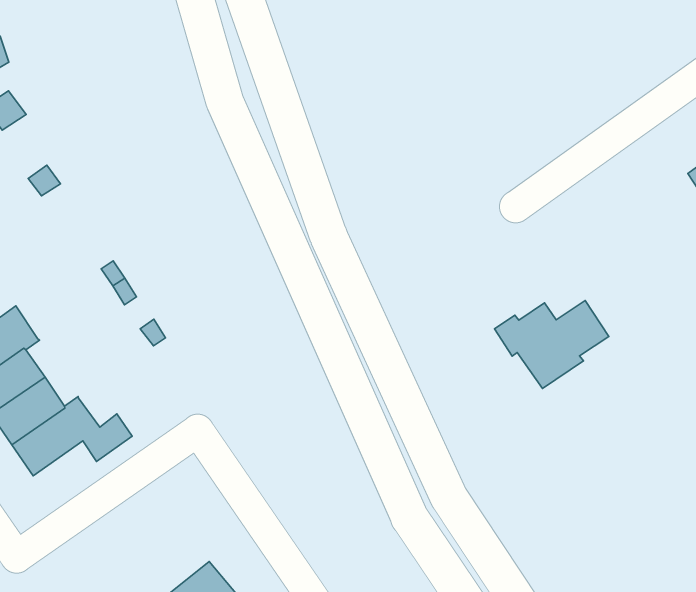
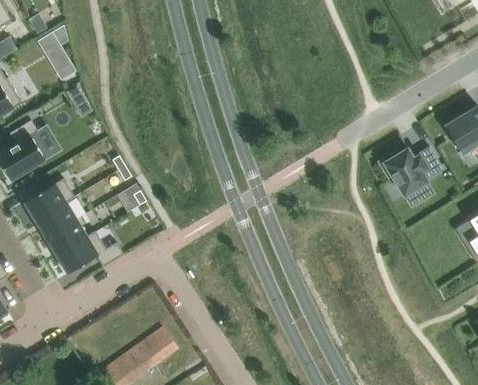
building: [494,300,609,388] -> [378,148,442,196]

